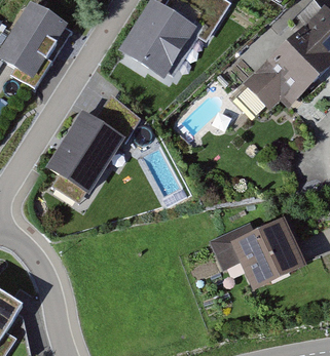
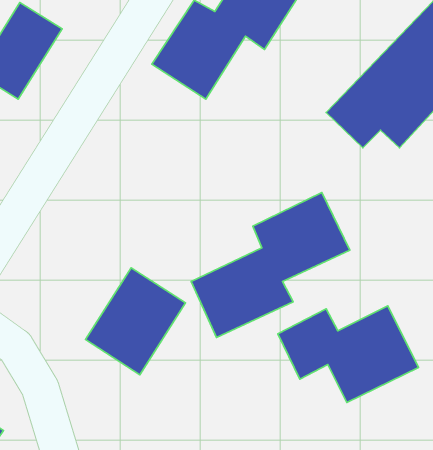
building: [50,115,120,190] -> [86,268,185,375]
building: none -> [191,192,350,338]

